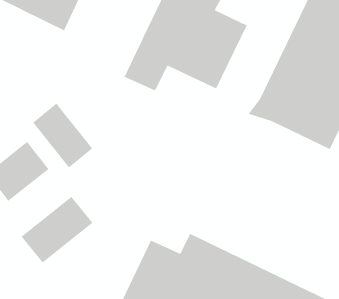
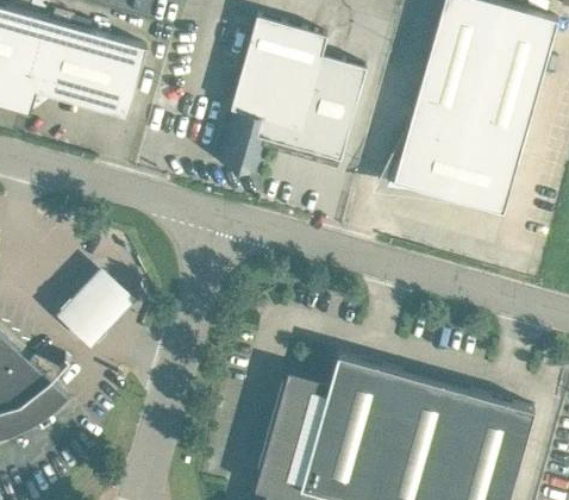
building: [32,102,93,168] -> none
building: [21,196,93,263] -> none

